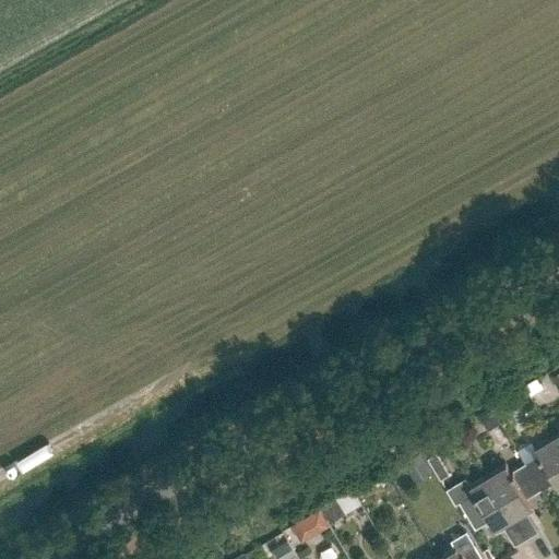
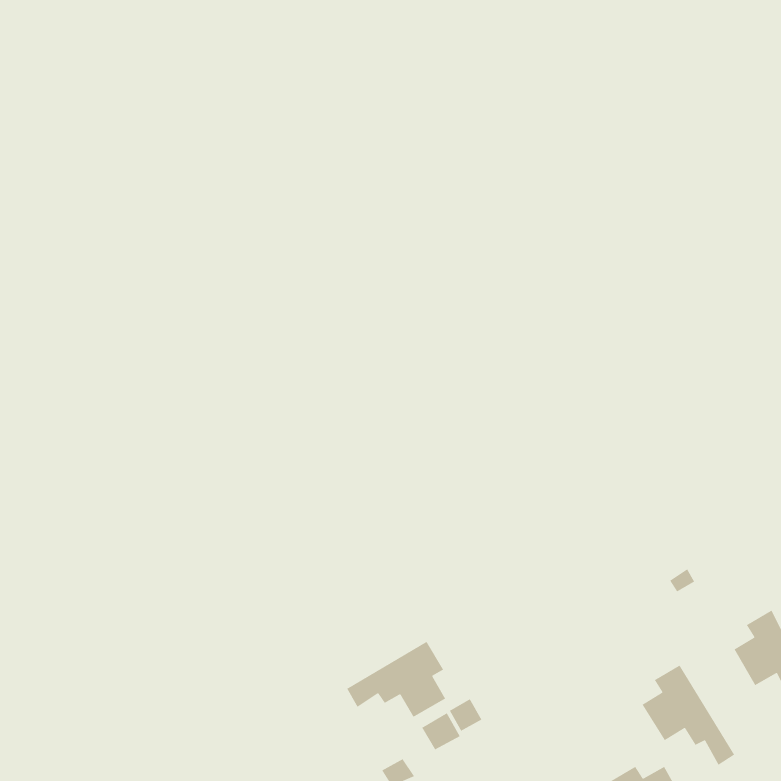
building: none -> [346,641,446,718]
building: [486,464,539,539] -> none

